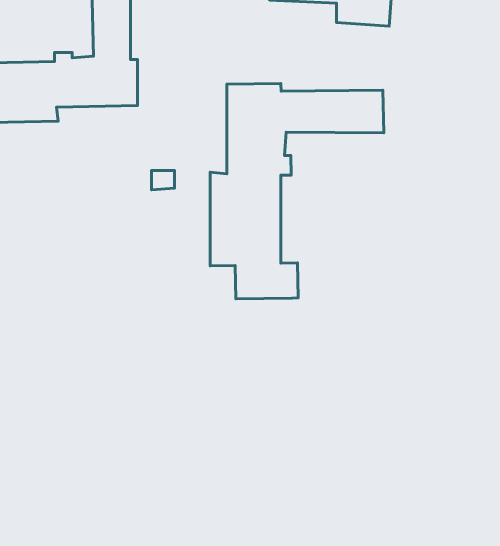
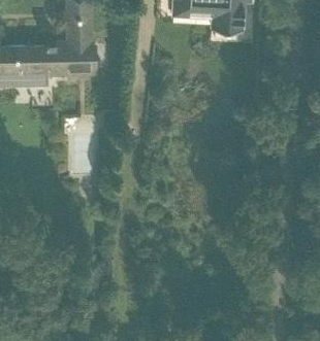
building: [210,83,384,299] -> none

